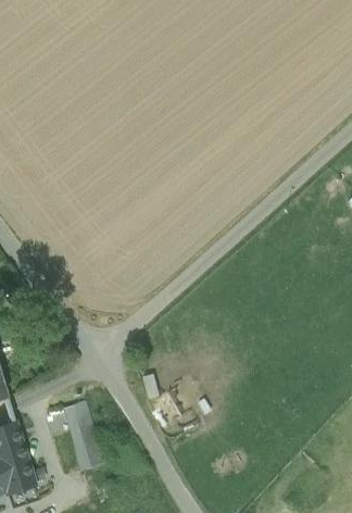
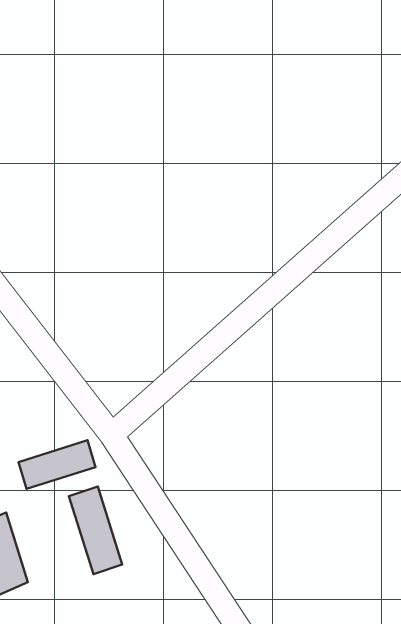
building: none -> [18,440,96,489]

